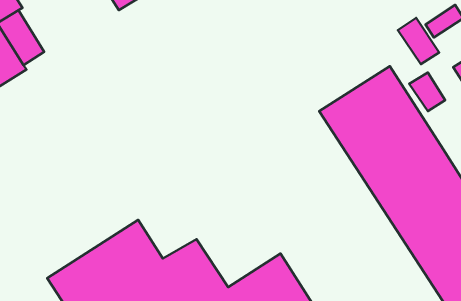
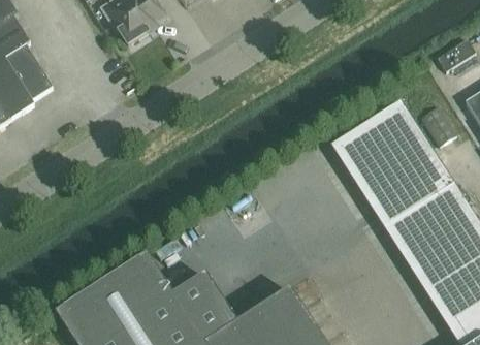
building: [398,18,439,64] -> none

